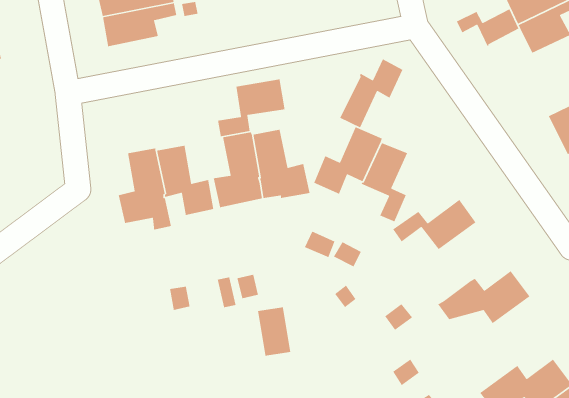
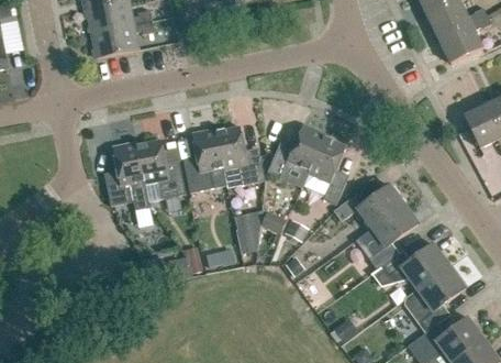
building: [456,8,519,47] -> none
building: [339,58,403,129] -> none
building: [217,79,286,137] -> none
building: none -> [368,204,417,268]
building: none -> [416,265,465,329]
building: [257,306,291,356] -> [233,209,261,251]

